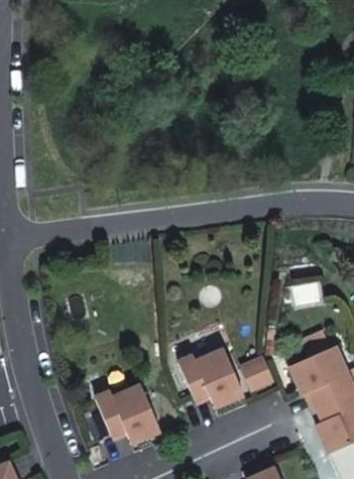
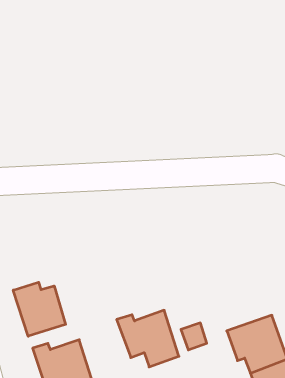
building: none -> [13,282,66,336]

